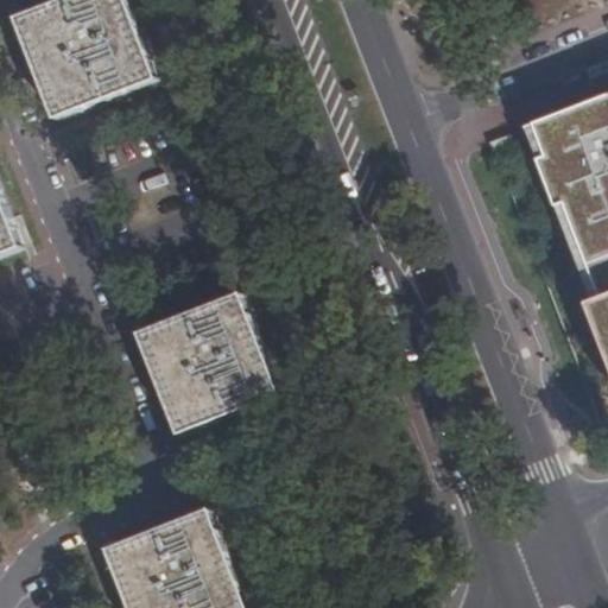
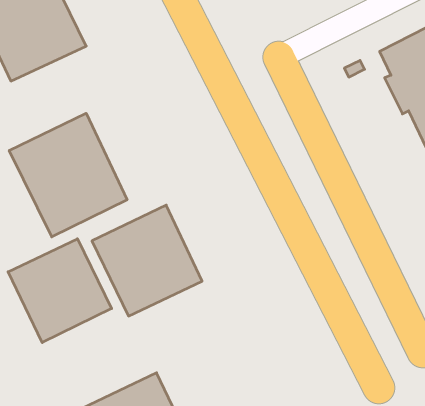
building: none -> [9,113,127,237]
building: none -> [8,239,112,343]

